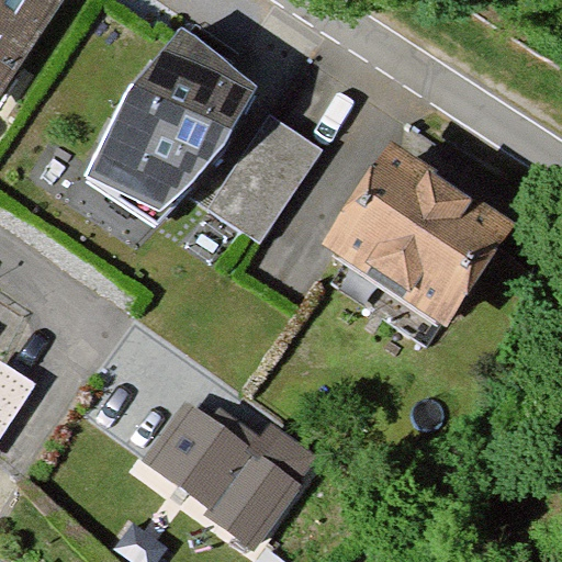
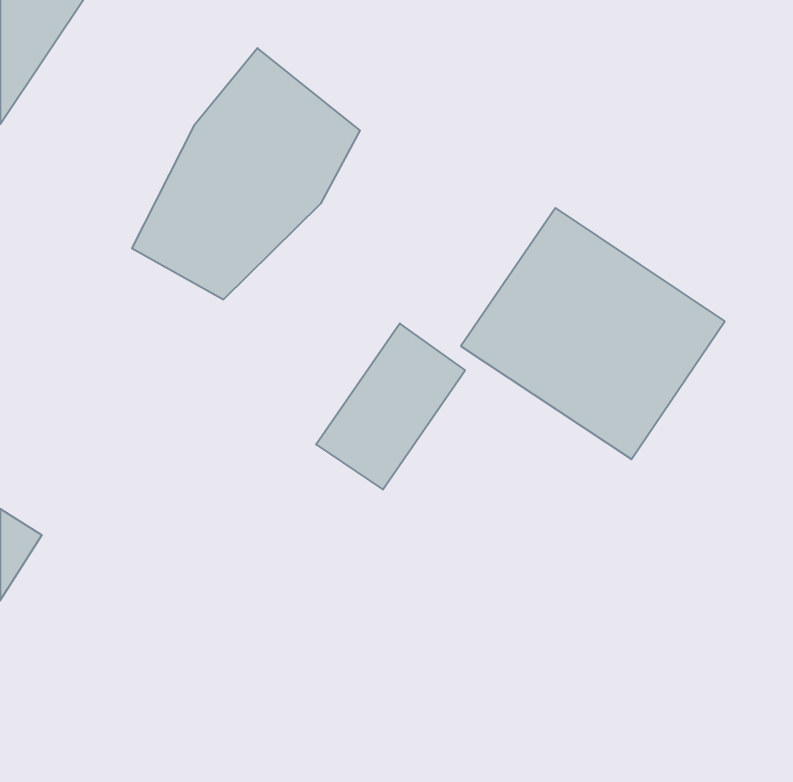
building: [212,115,317,233] -> [316,323,465,490]
building: [140,398,301,546] -> none

